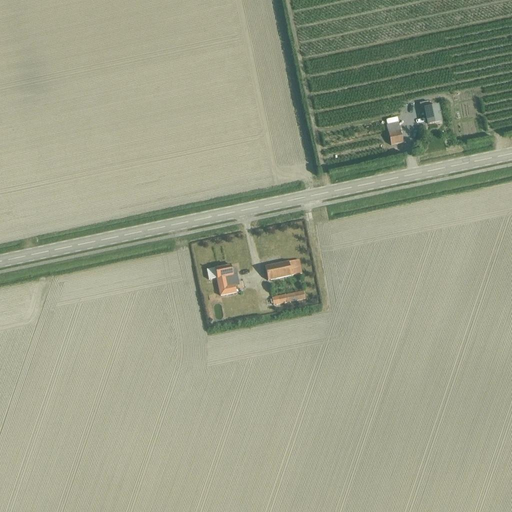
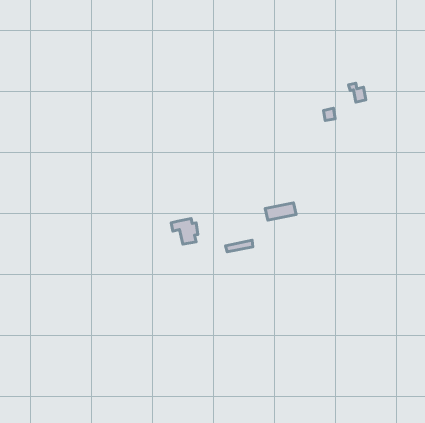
building: [264,258,301,279] -> [265,203,296,220]

